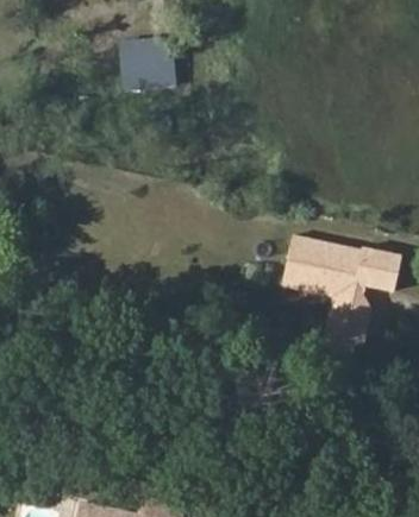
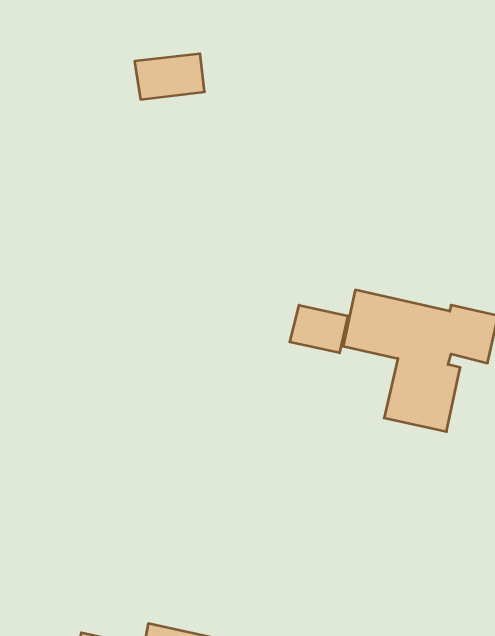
building: none -> [290,305,348,353]

